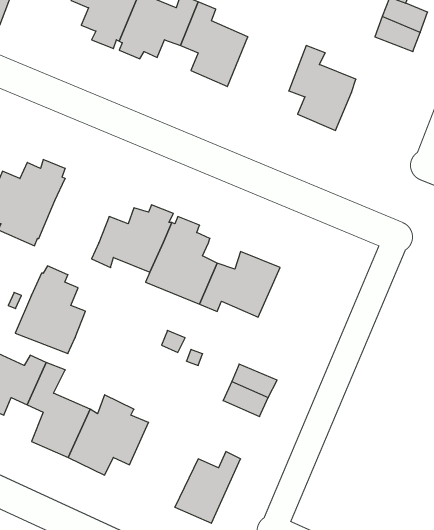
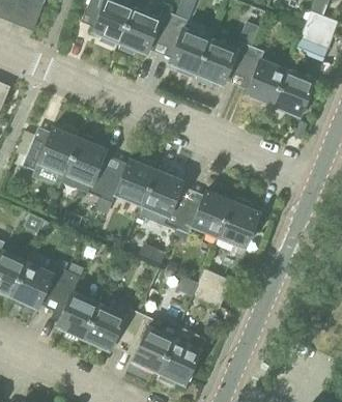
building: none -> [195,39,251,85]
building: none -> [272,69,313,116]
building: none -> [217,198,258,250]
building: [15,266,85,354] -> [61,135,111,197]
building: none -> [125,304,179,373]

